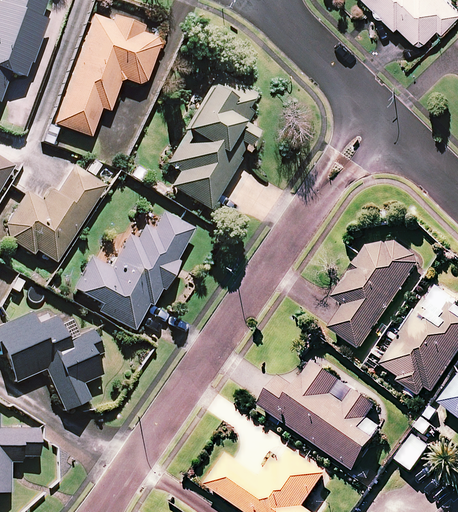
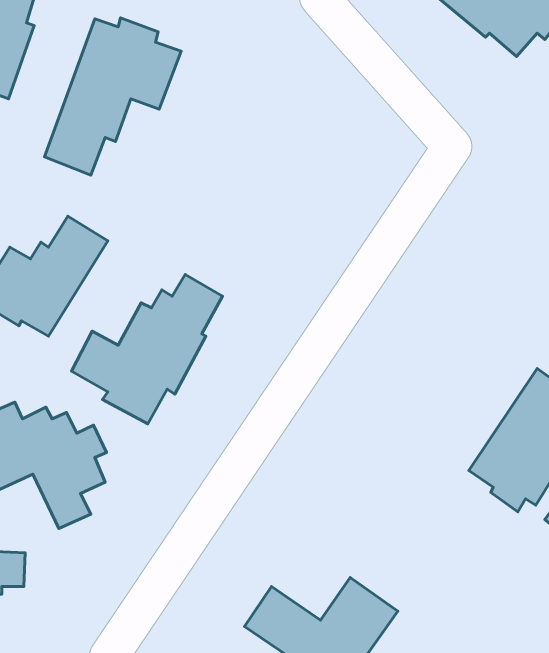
building: [168,72,257,208] -> none
building: [333,231,426,350] -> none
building: [262,363,385,471] -> none

